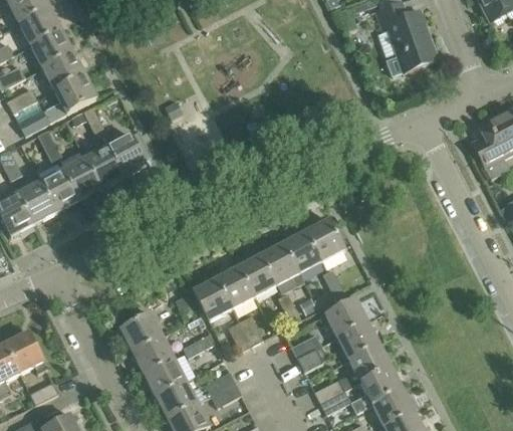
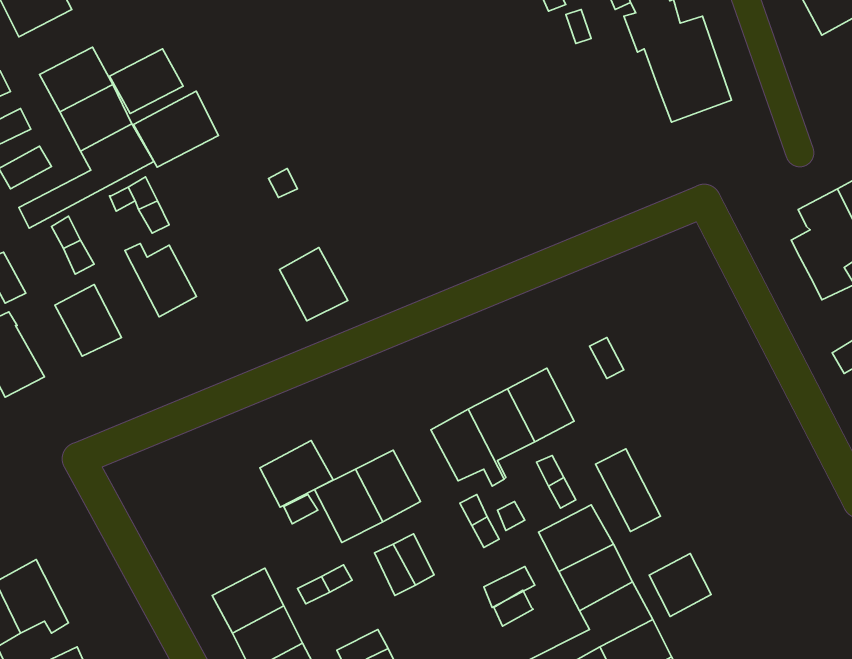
building: [19,7,62,45] -> [110,49,183,114]
building: none -> [134,91,218,167]
building: [107,133,148,176] -> [280,247,348,321]
building: [63,157,101,200] -> none
building: [17,181,56,223] -> none
building: [239,254,277,296] -> none
building: none -> [596,449,661,532]
building: [120,312,164,352] -> [260,441,333,507]
building: none -> [649,553,711,616]

